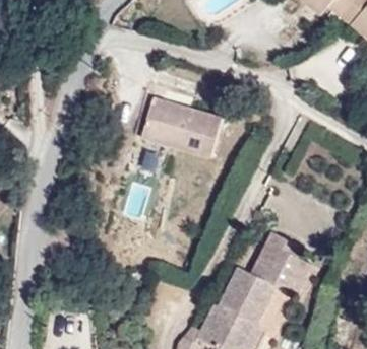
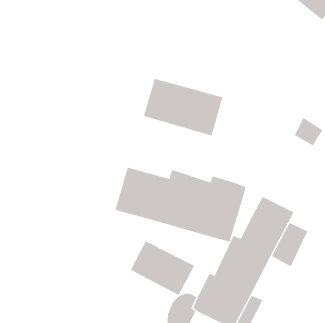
building: none -> [115,167,246,242]
building: none -> [130,240,195,296]

